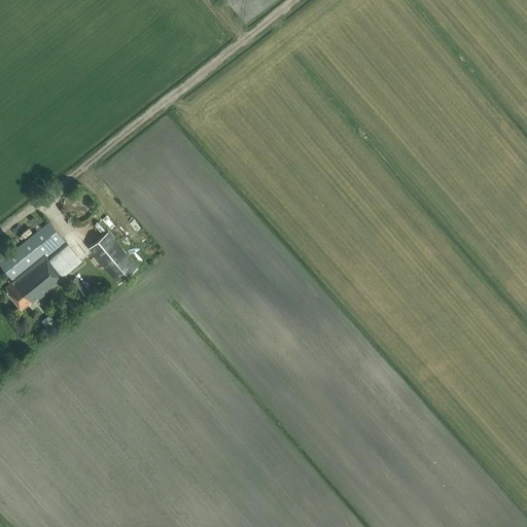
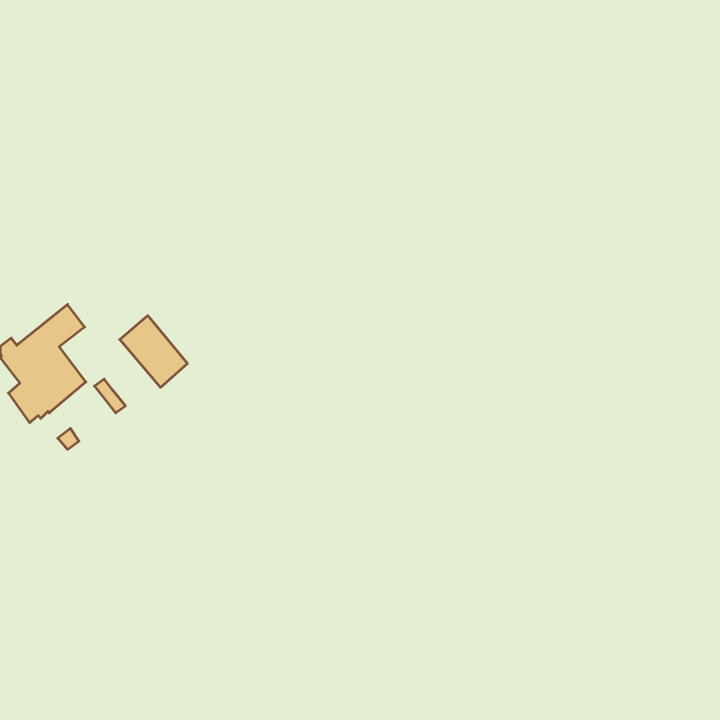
building: [49,243,81,276] -> none

